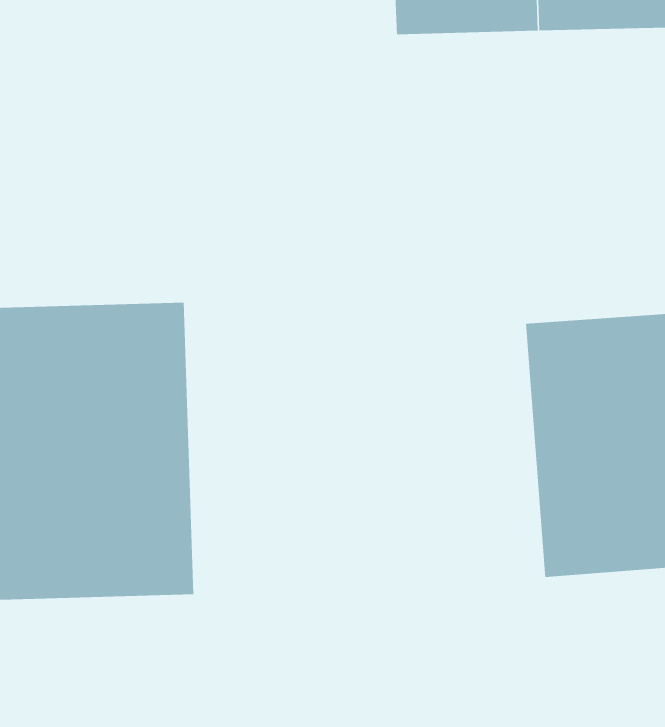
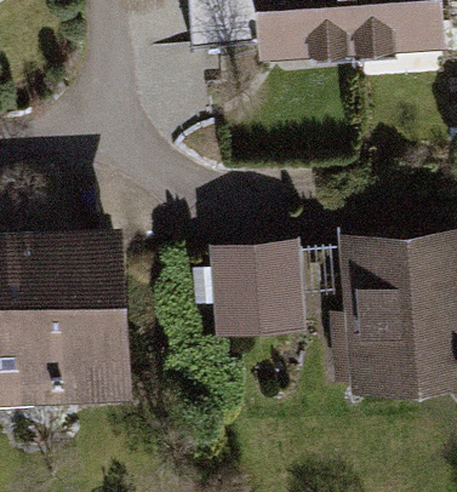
building: none -> [207,240,305,342]

